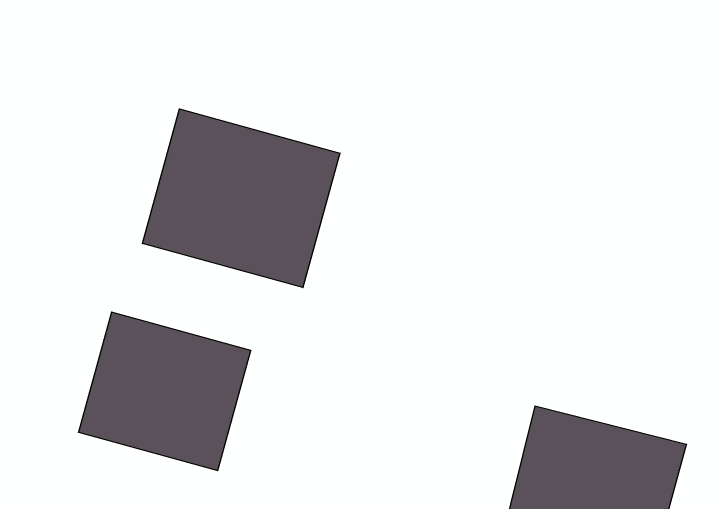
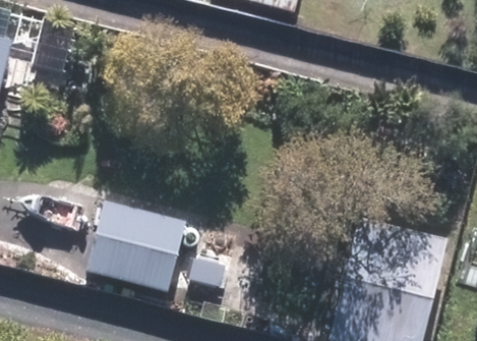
building: [142,109,340,288] -> none

